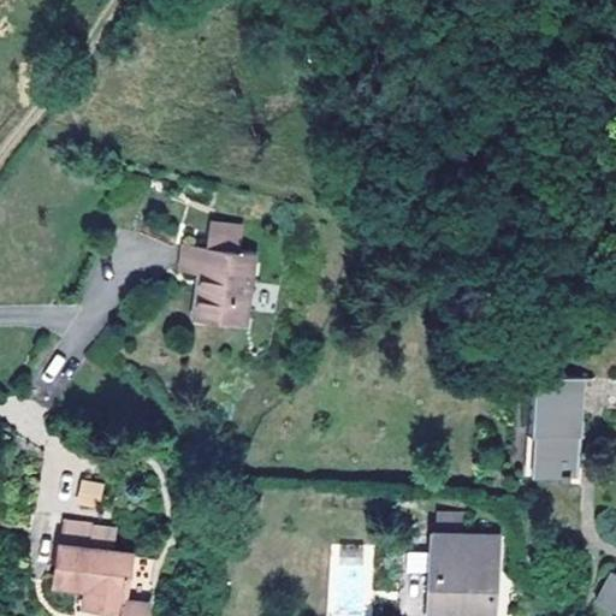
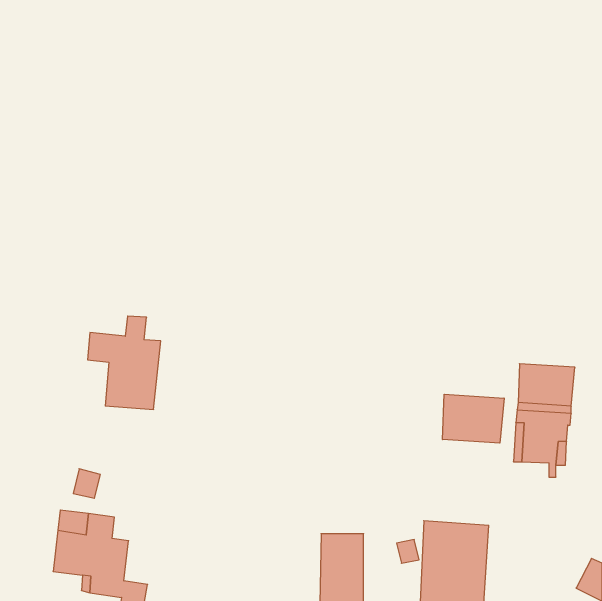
building: [186,233,261,328] -> [88,316,161,409]
building: none -> [443,394,504,443]

